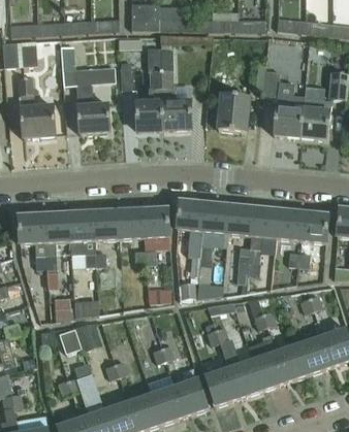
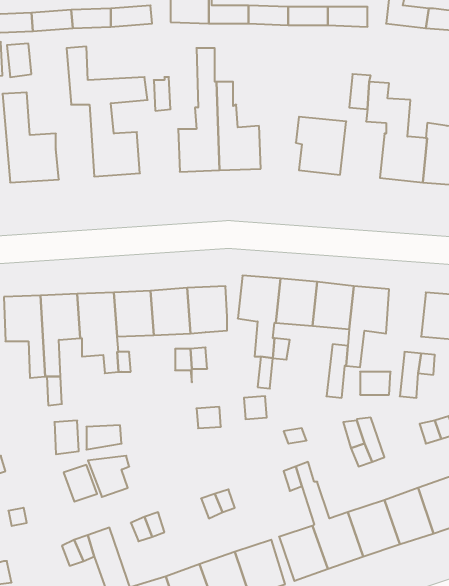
building: [277,208,304,240] -> none

